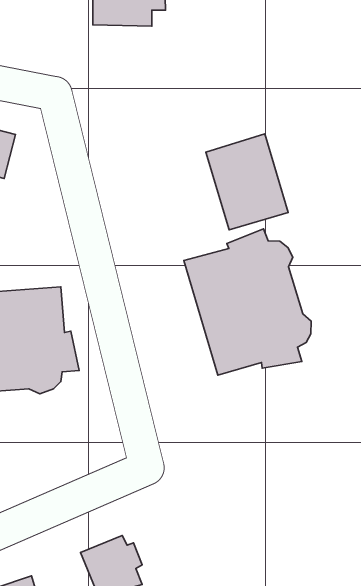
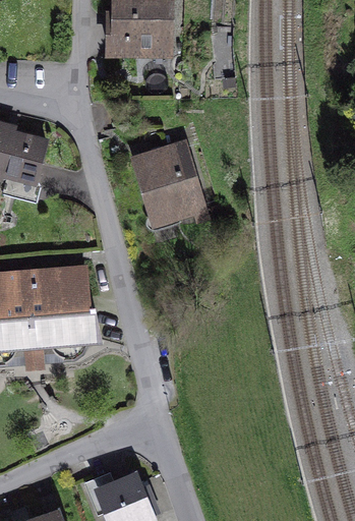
building: [206,134,288,230] -> [134,142,202,222]
building: [184,229,311,375] -> none

